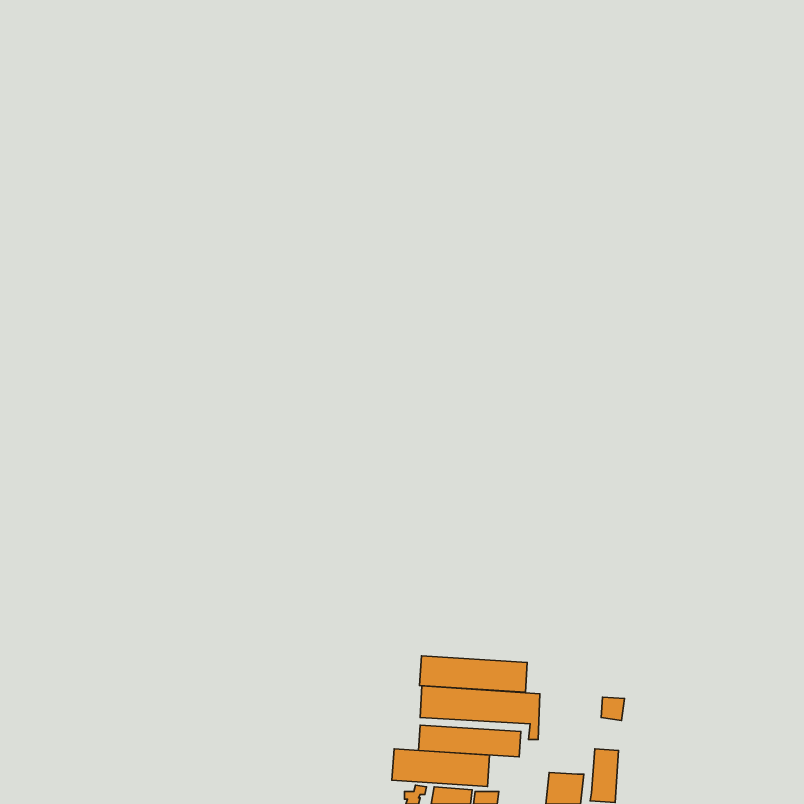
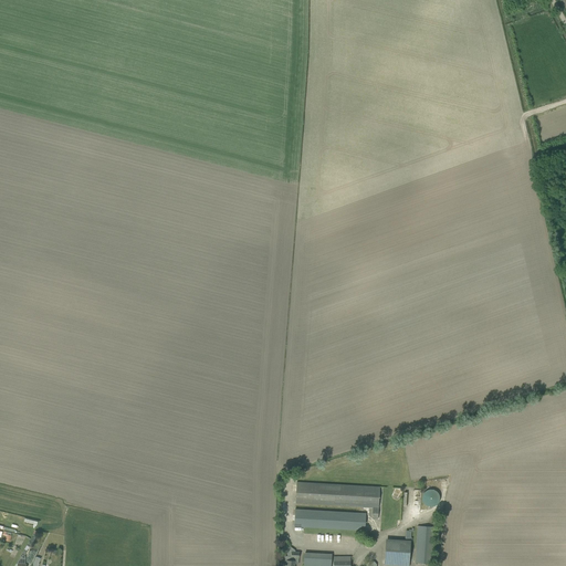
building: [420,656,527,692] -> none
building: [392,749,490,786] -> none

